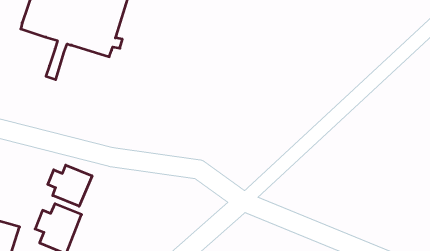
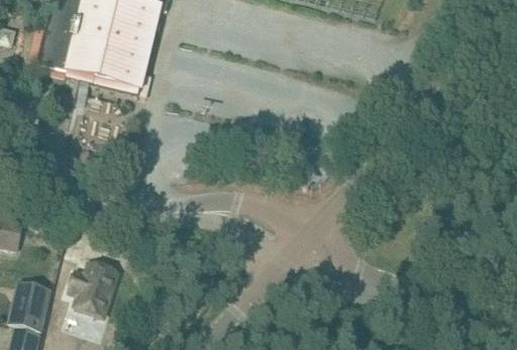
building: [48,165,92,206] -> none

